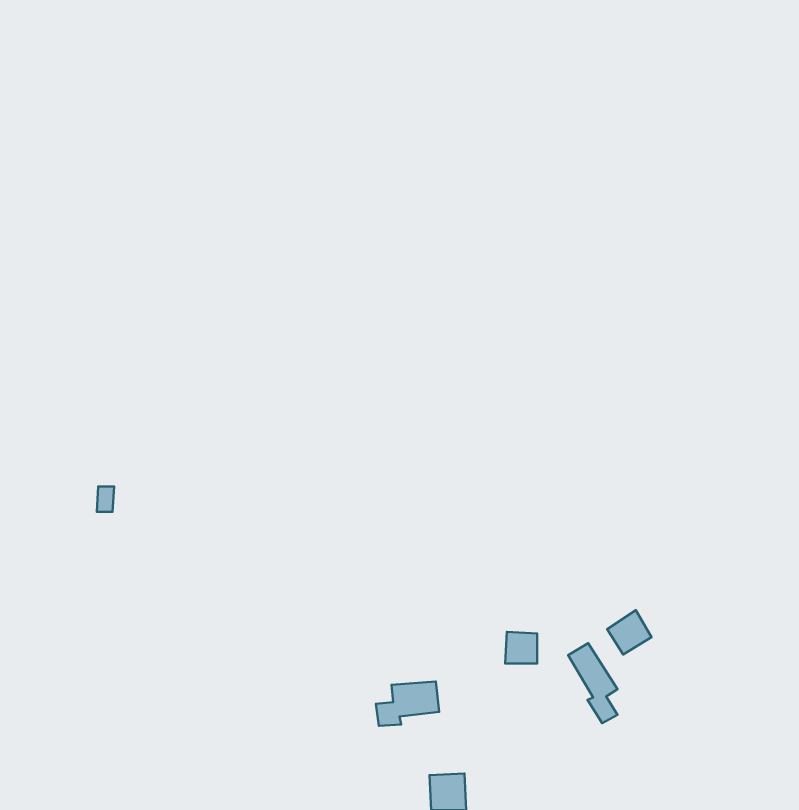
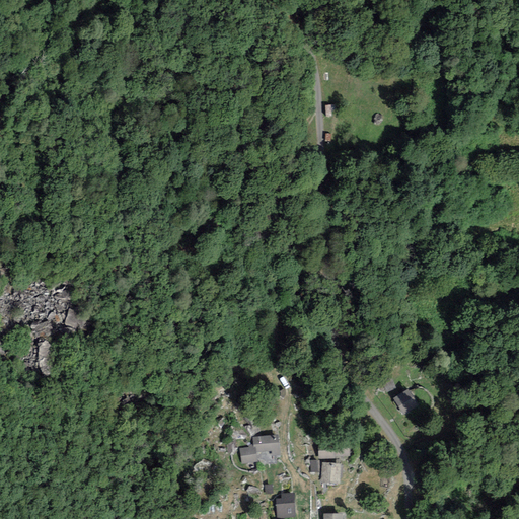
building: [505,632,537,664] -> [315,462,336,483]
building: [568,643,618,723] -> none

